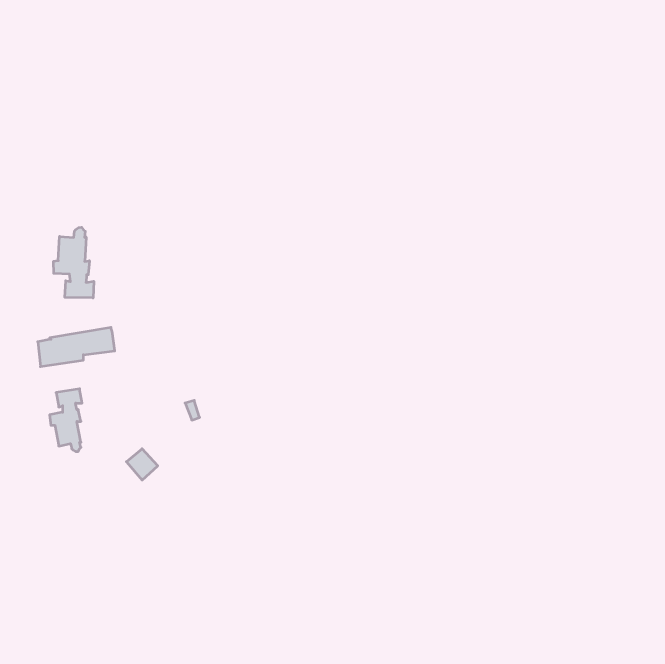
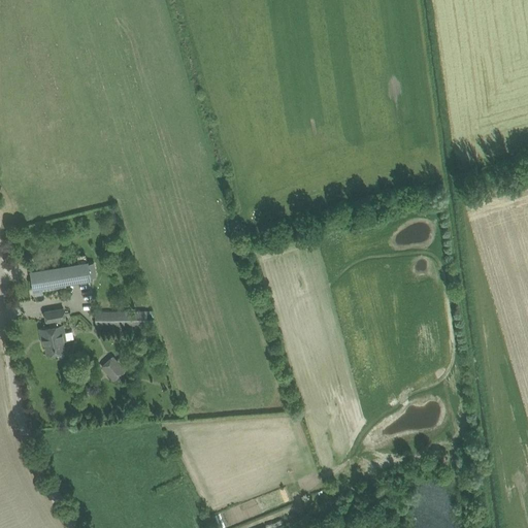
building: [54,227,94,298] -> none
building: none -> [95,311,143,329]

